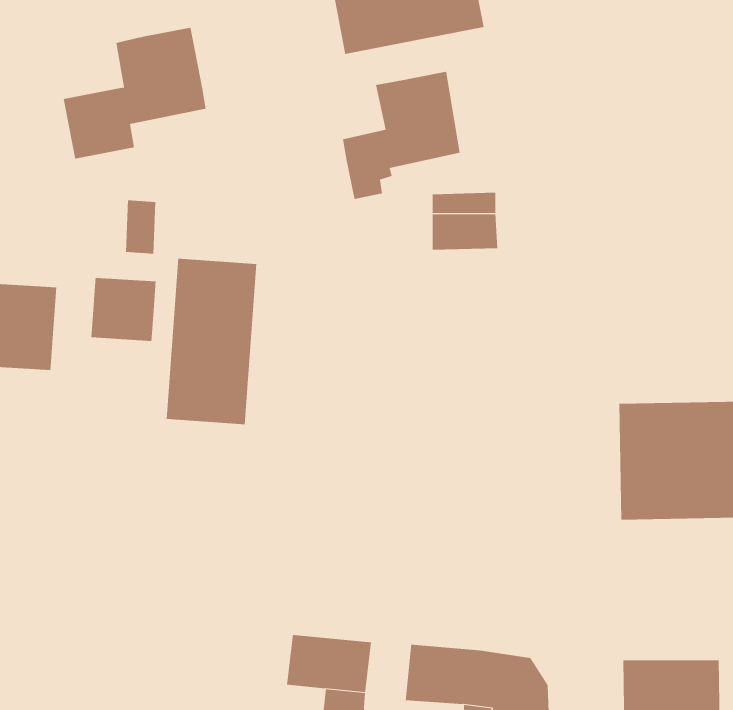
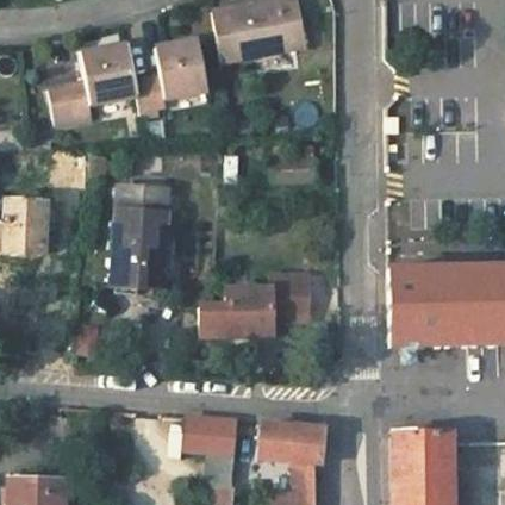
building: [342,71,461,199] -> [135,39,207,118]
building: [91,277,156,342] -> none
building: none -> [200,275,310,337]

